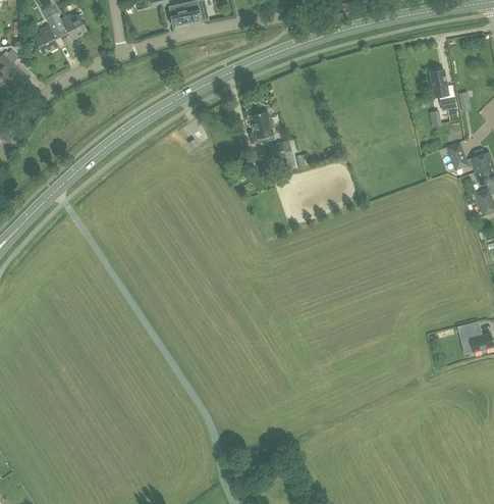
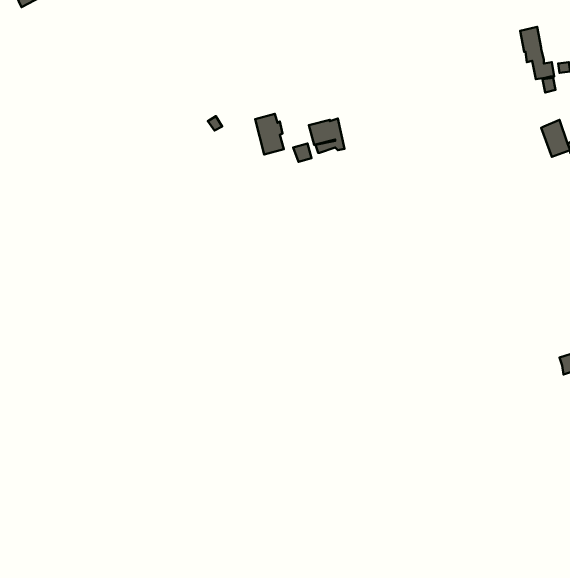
building: [251,110,273,142] -> [255,114,284,154]

